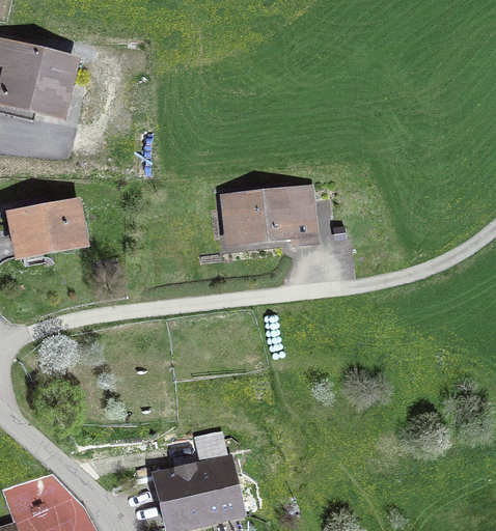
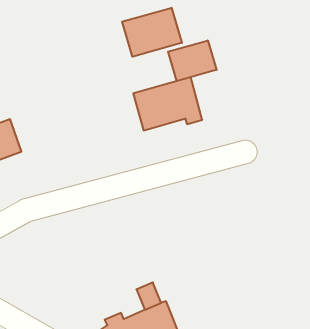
building: none -> [122,8,182,57]
building: none -> [168,40,217,81]

